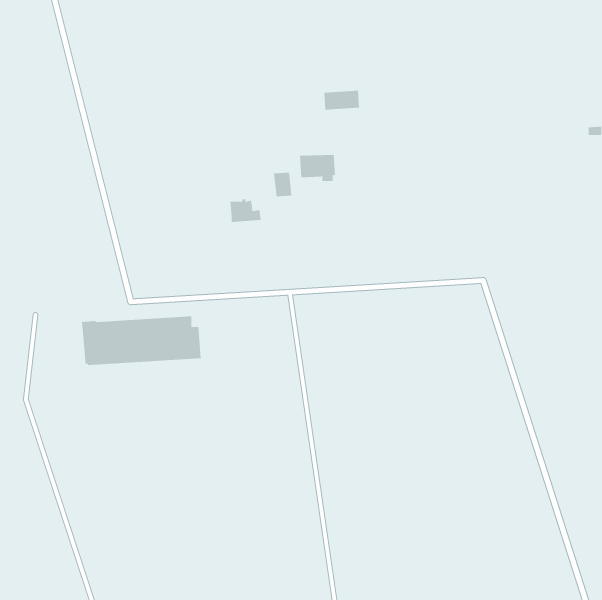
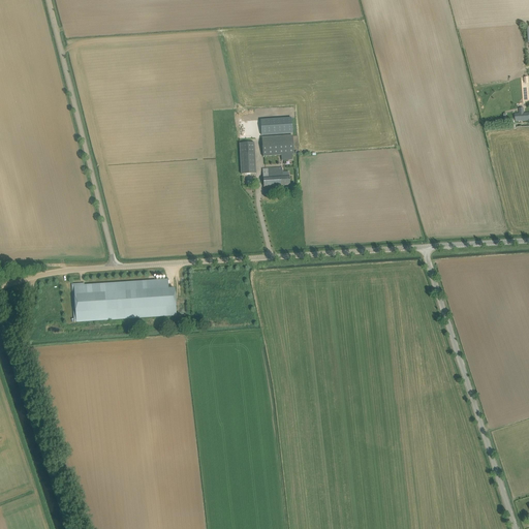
building: [323,90,360,110] -> [260,116,292,133]
building: [230,199,261,223] -> [262,164,290,185]

